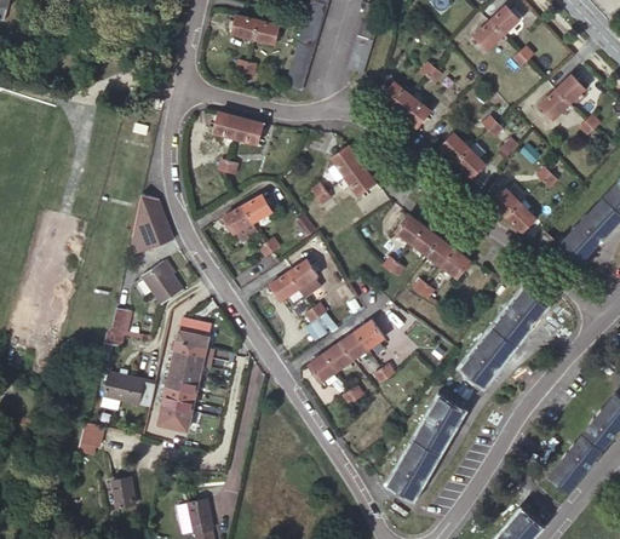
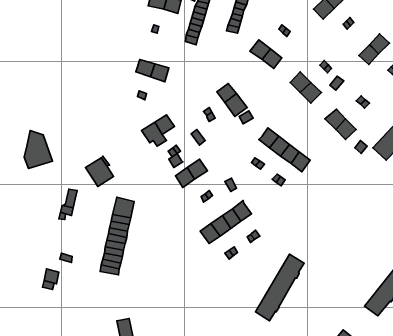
building: [132,195,173,251] -> [24,131,52,169]
building: [461,289,544,384] -> none
building: [101,367,155,403] -> none
building: [108,471,133,504] -> none

